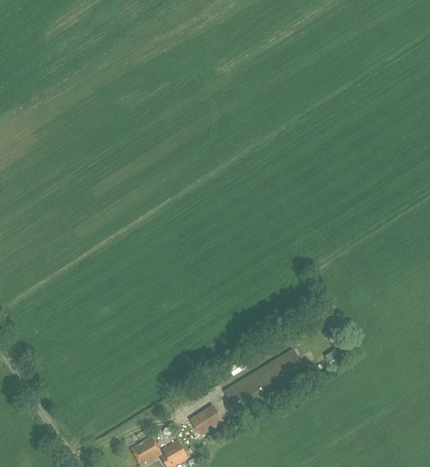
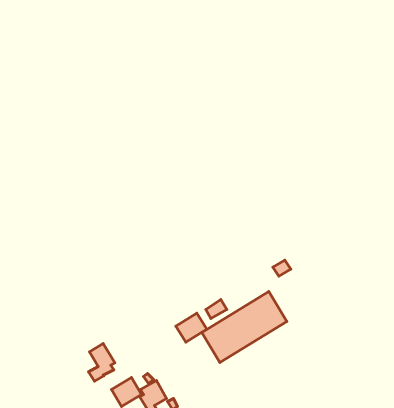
building: none -> [89,343,115,381]
building: [190,404,222,434] -> [176,313,207,342]

